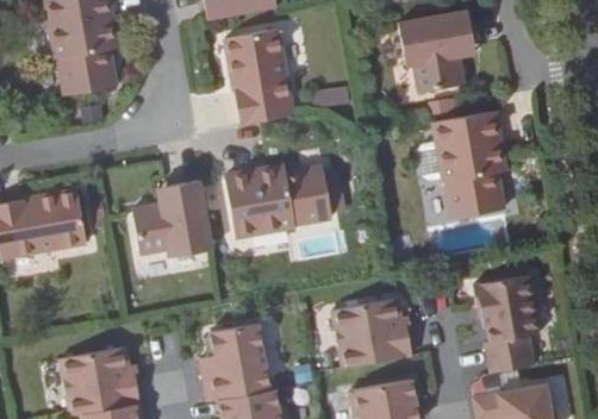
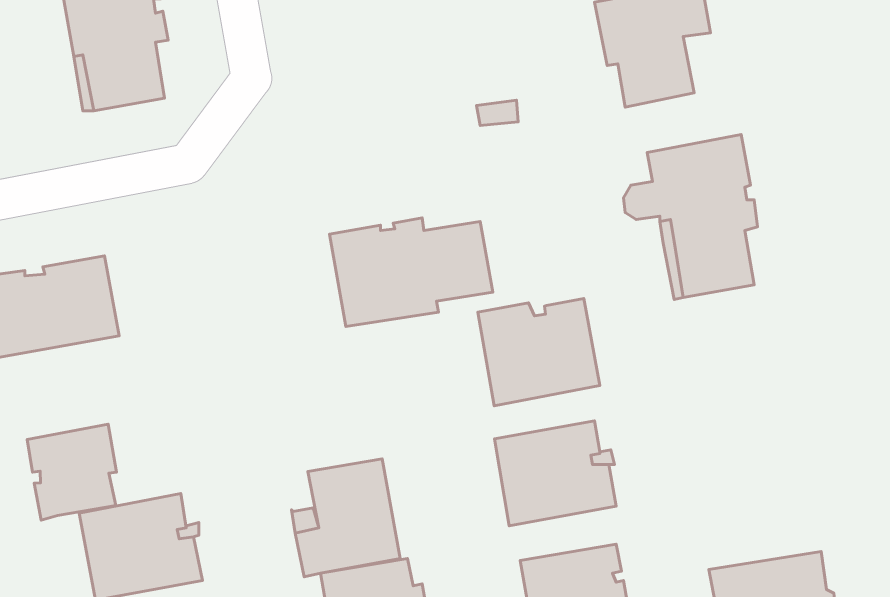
building: [224,29,292,125] -> none
building: [132,180,211,257] -> none
building: none -> [478,298,600,406]
building: [473,275,540,373] -> none
building: none -> [27,424,117,520]

